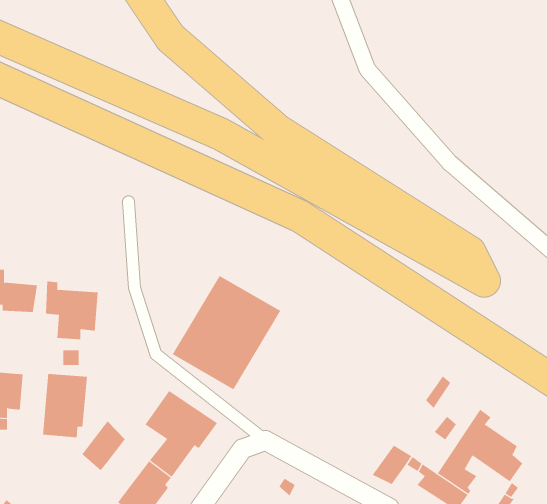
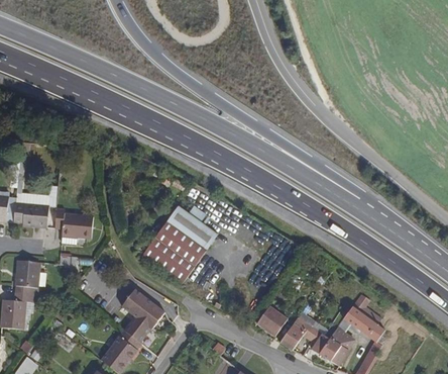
building: [42,373,88,438] -> none
building: [82,420,125,471] -> none
building: none -> [257,302,289,334]

